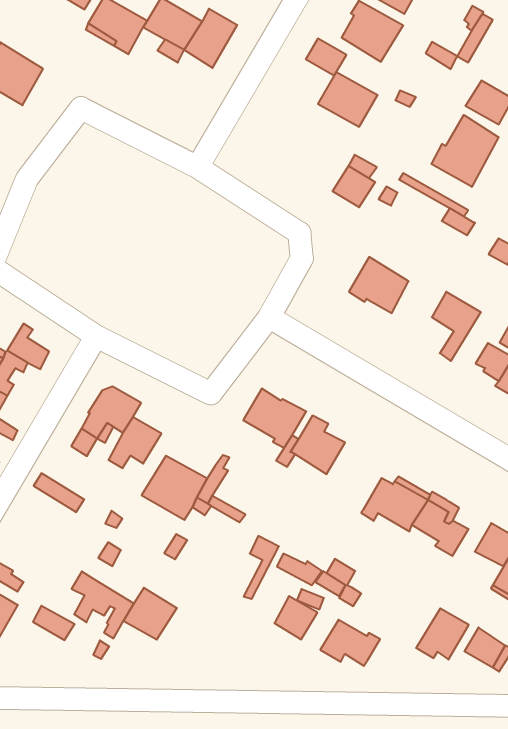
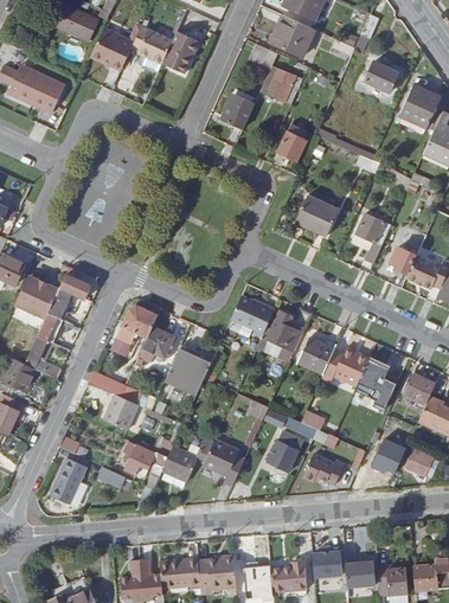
building: none -> [222,94,255,127]
building: [431,115,499,187] -> none
building: none -> [297,336,334,373]
building: none -> [103,393,137,428]
building: none -> [203,438,244,485]

